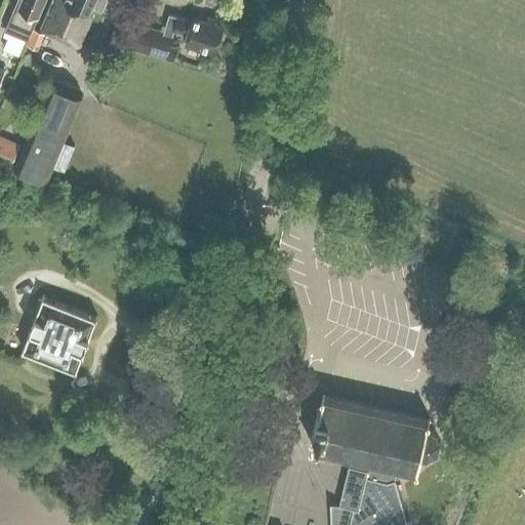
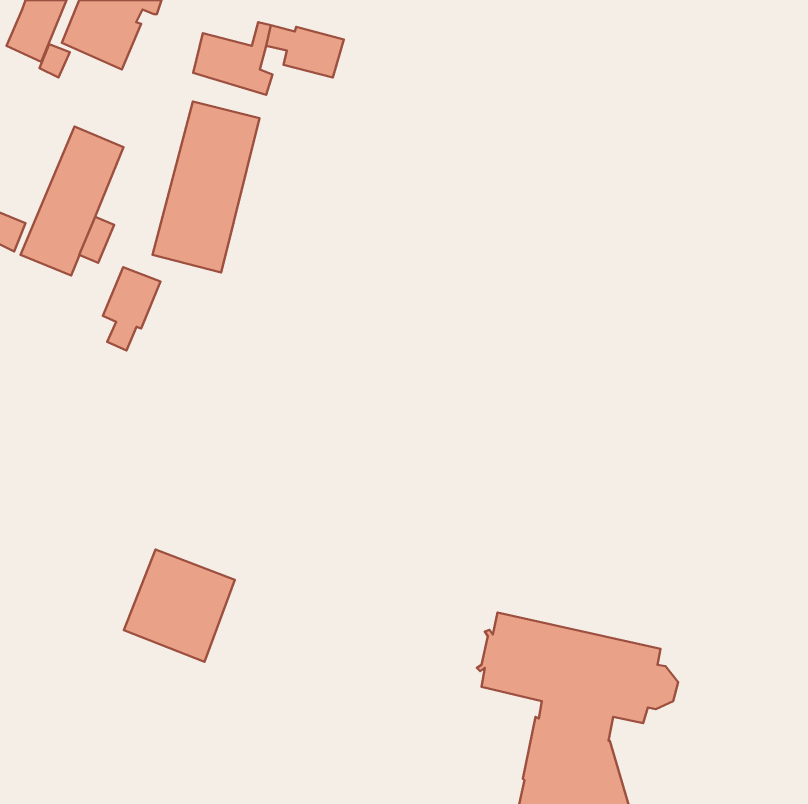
building: none -> [152,102,260,273]
building: none -> [103,267,160,351]
building: [23,299,94,372] -> [124,550,235,662]

